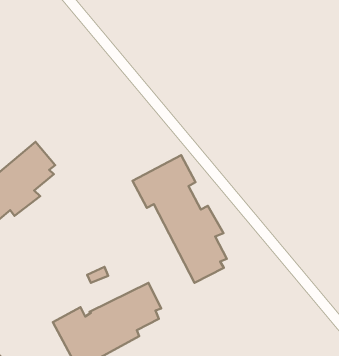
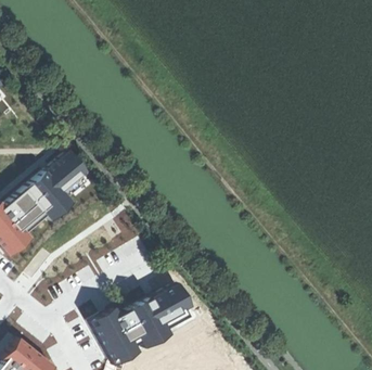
building: [132,155,227,283] -> none

